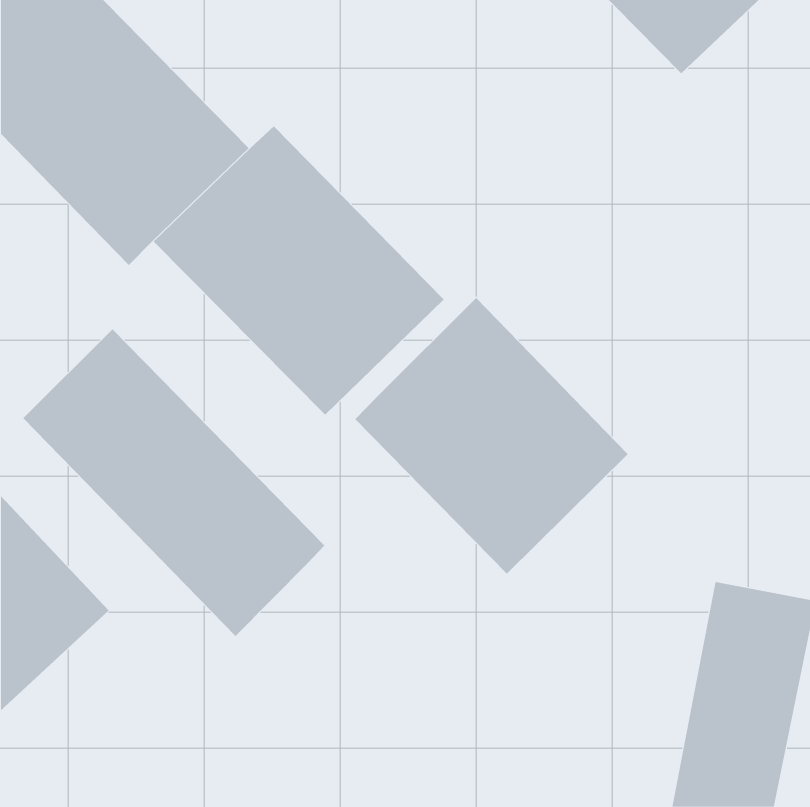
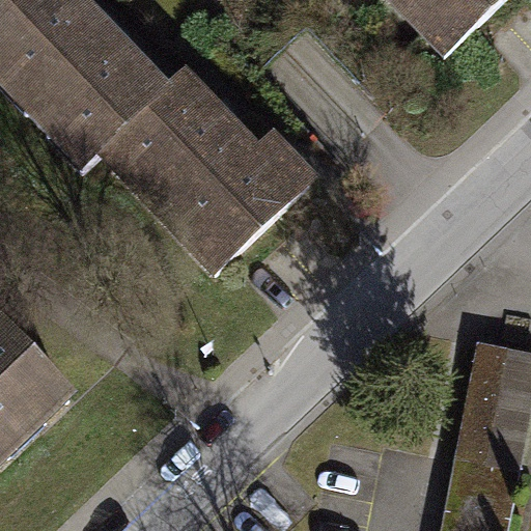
building: [354,297,628,574] -> none
building: [22,329,325,637] -> none

